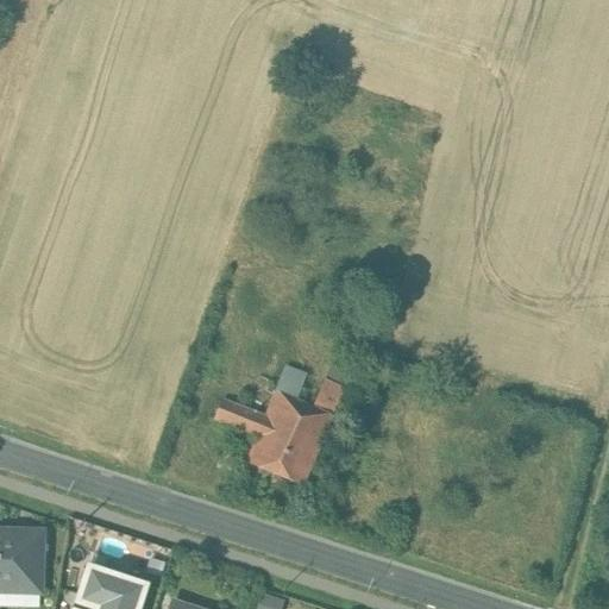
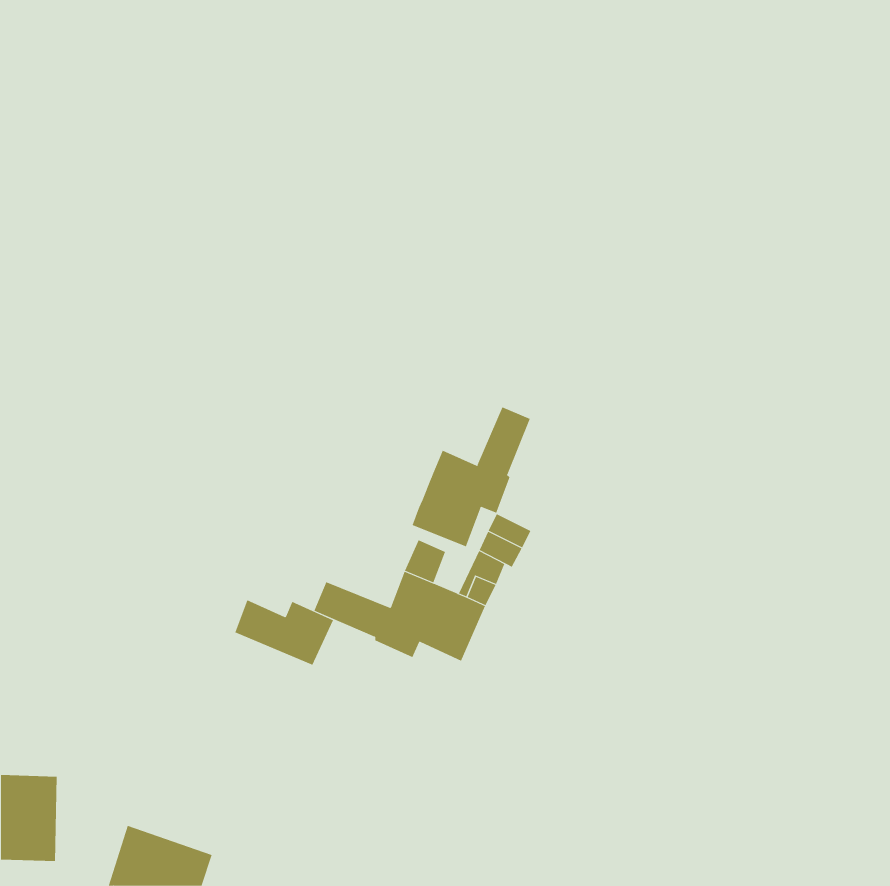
building: none -> [412,407,531,547]
building: [247,438,315,483] -> [235,599,334,666]

